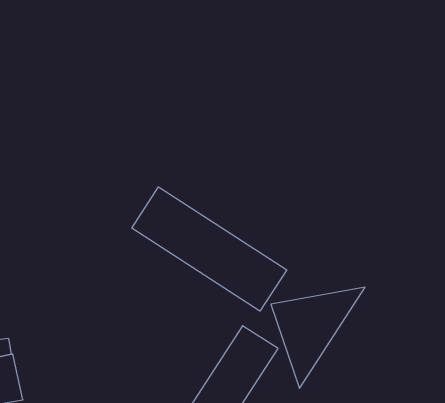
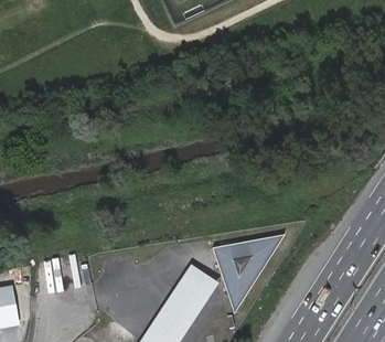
building: [132,187,287,311] -> none

